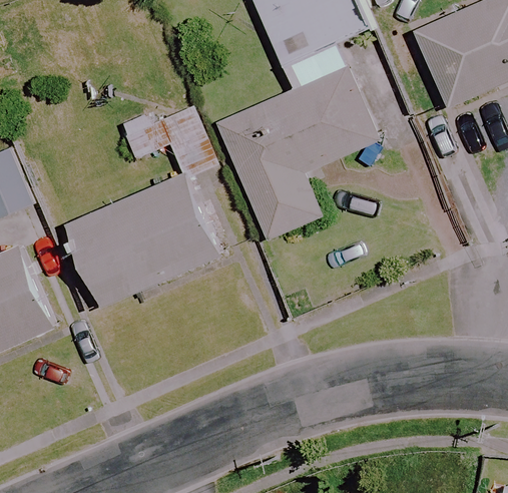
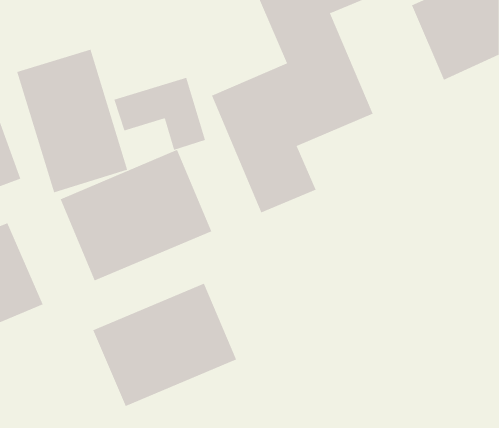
building: none -> [16,49,128,193]
building: none -> [93,283,237,407]

